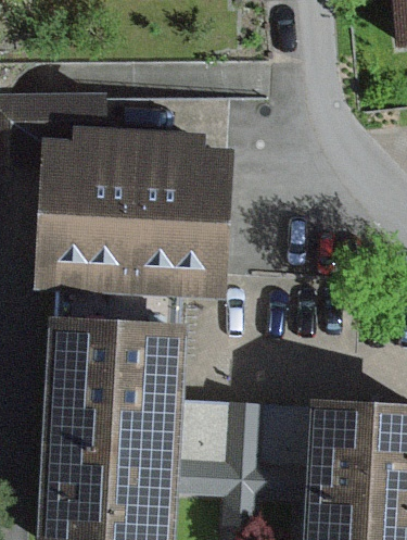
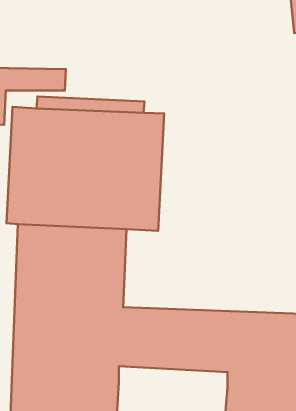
building: [175,474,313,526] -> none

